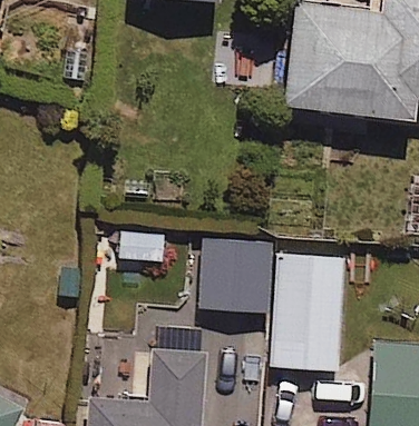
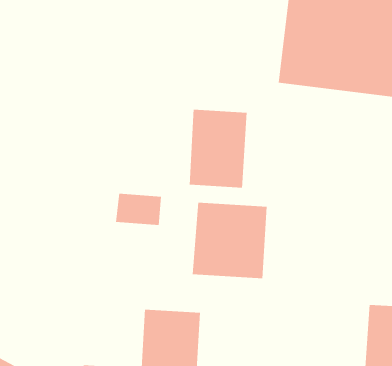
building: none -> [189,109,247,188]
building: [274,250,348,374] -> none

